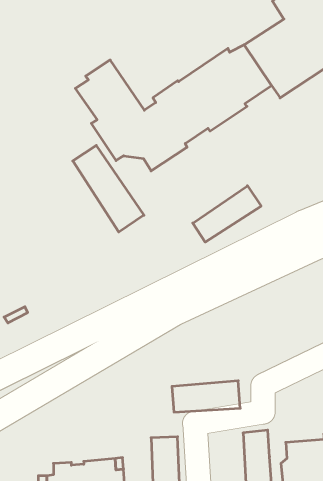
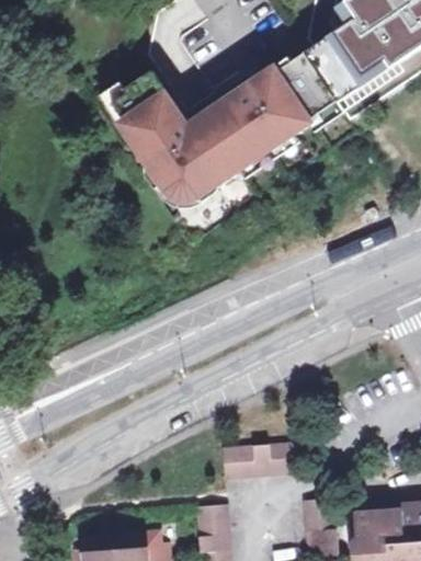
building: [73,145,144,232] -> none
building: [193,186,261,242] -> none

